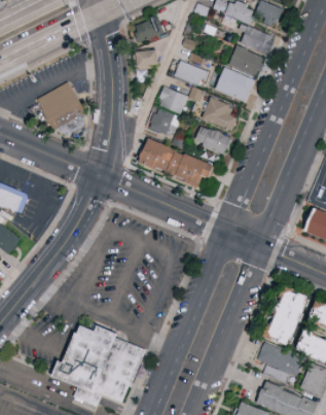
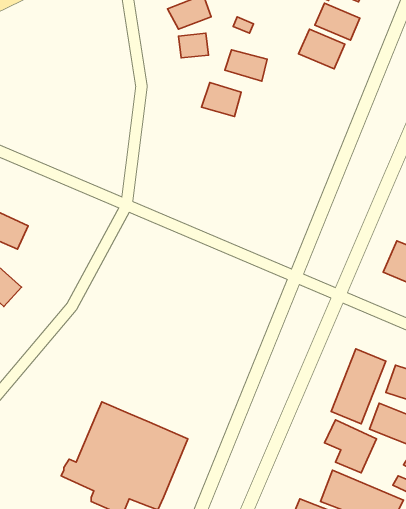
building: [219,67,257,101] -> none
building: [26,82,86,139] -> none
building: [207,97,241,129] -> none
building: [149,106,182,135] -> none
building: [197,125,234,153] -> none
building: [144,138,219,184] -> none

